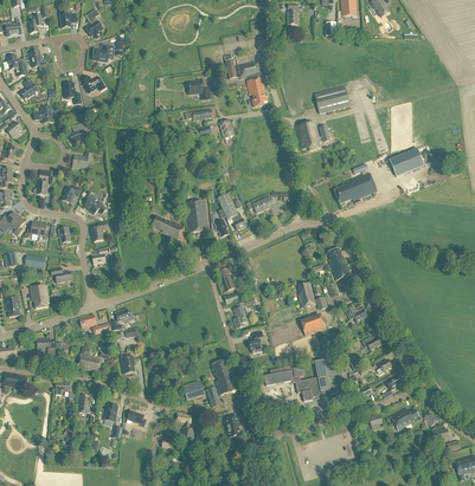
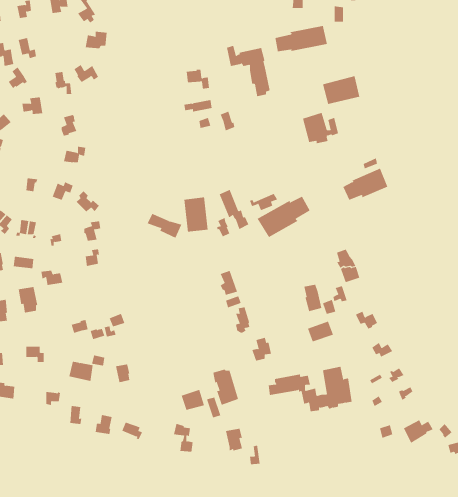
building: none -> [275,25,328,52]
building: [389,148,423,176] -> none
building: none -> [257,196,310,238]

